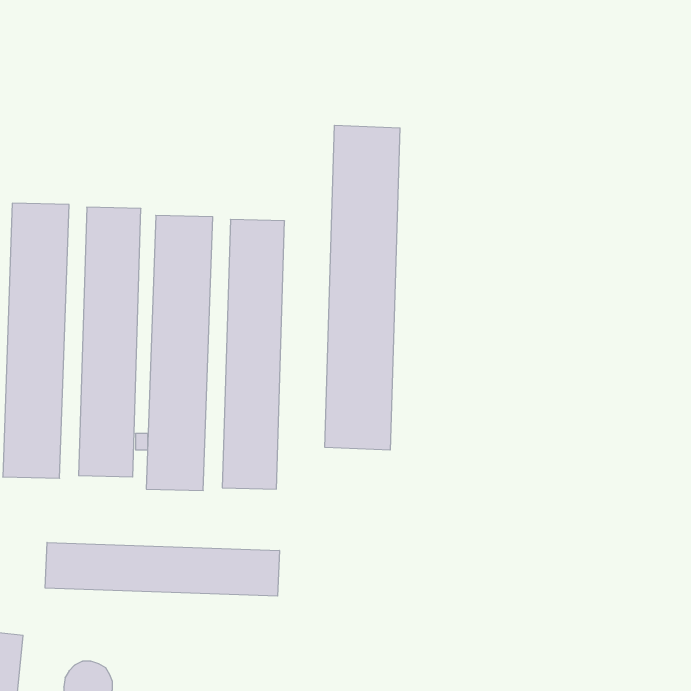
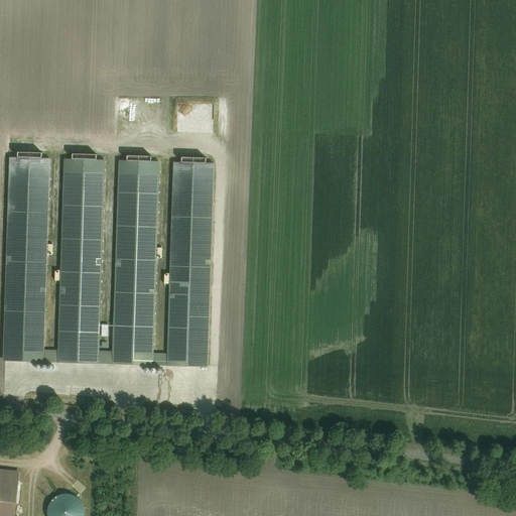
building: [325,125,400,450] -> none
building: [45,542,279,596] -> none

